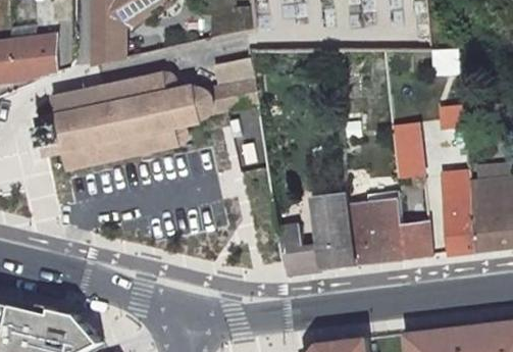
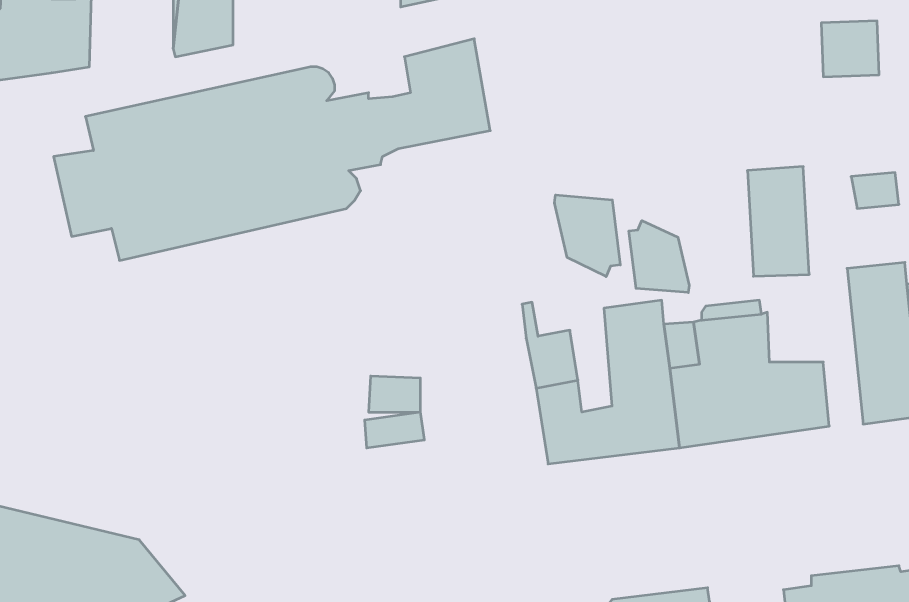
building: none -> [555,195,620,277]
building: none -> [629,221,689,293]

